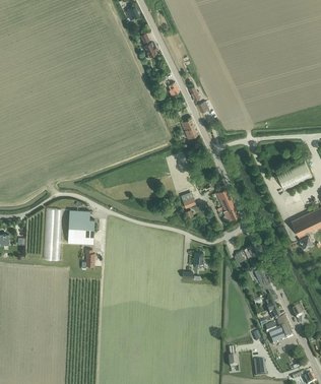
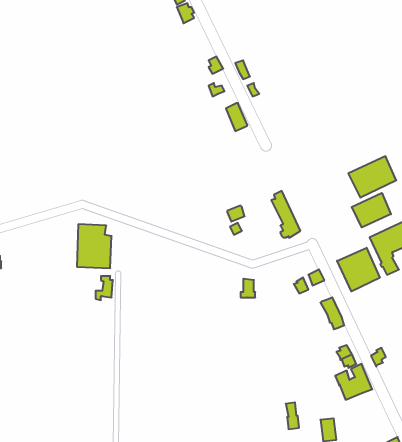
building: none -> [352,193,391,227]
building: none -> [337,248,380,291]

